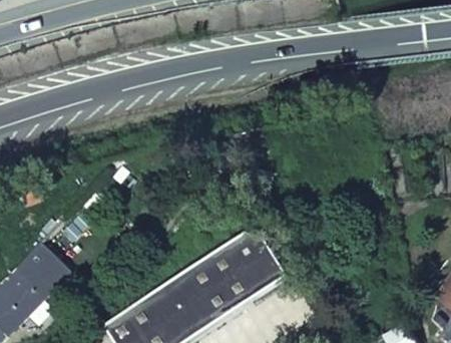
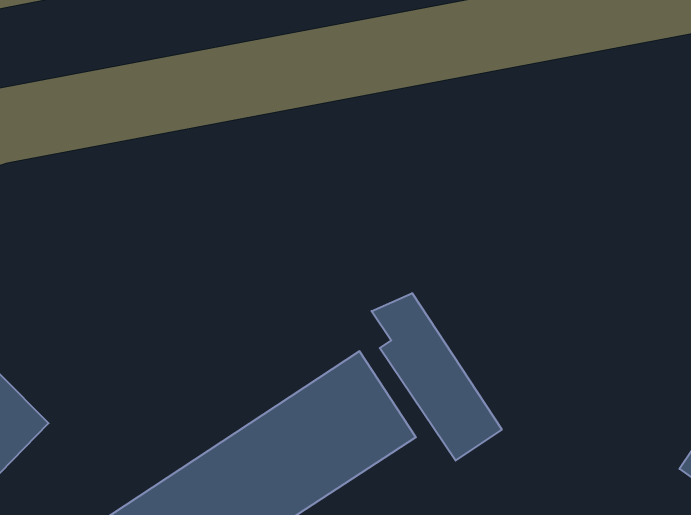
building: none -> [371,293,502,461]

